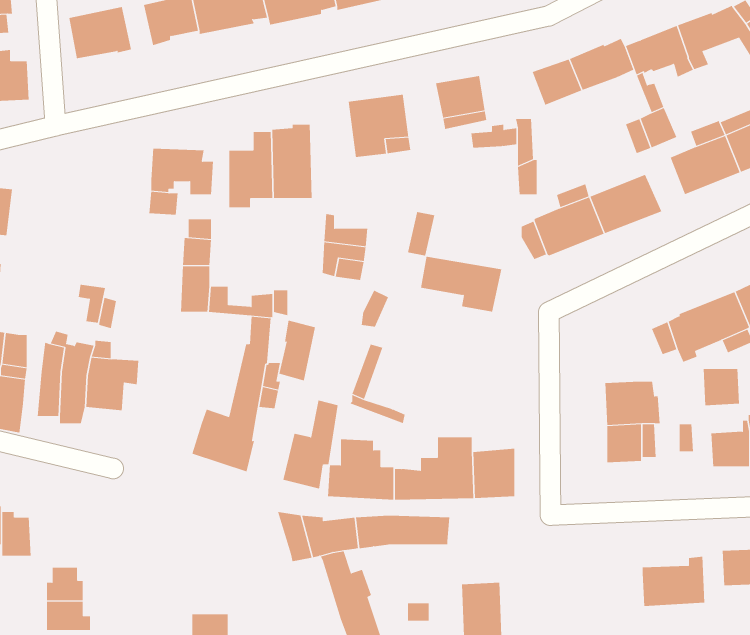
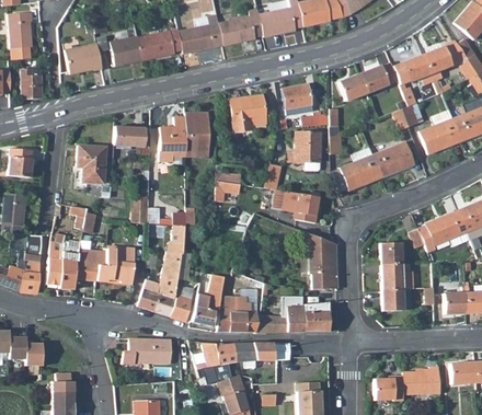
building: none -> [289,131,321,169]
building: none -> [77,145,106,183]
building: [278,320,316,381] -> [171,285,193,321]
building: none -> [303,231,337,289]
building: none -> [97,249,135,284]
building: [703,369,740,406] -> [380,242,402,264]
building: none -> [123,338,171,364]
building: none -> [375,376,404,401]

